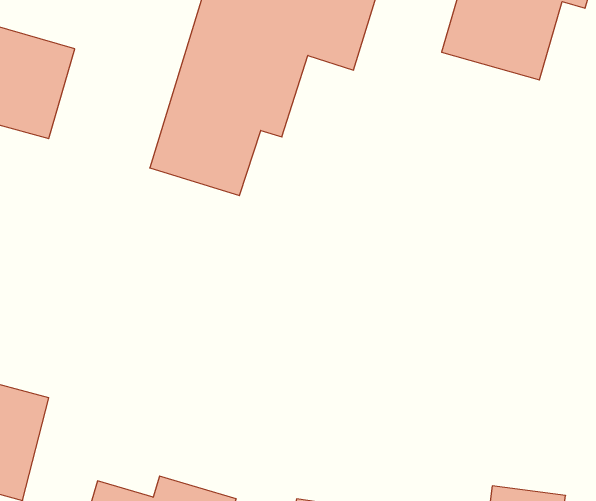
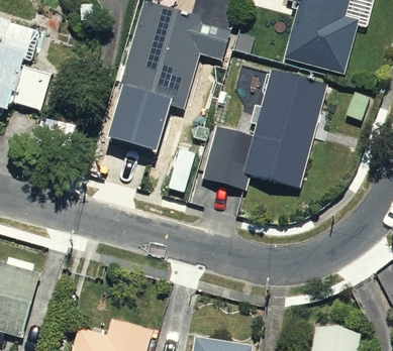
building: none -> [196,69,324,193]

